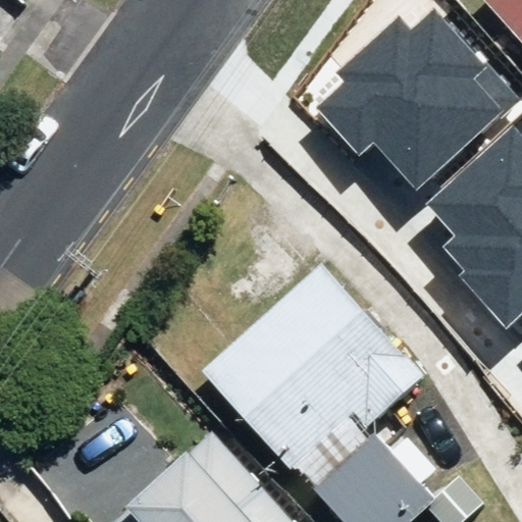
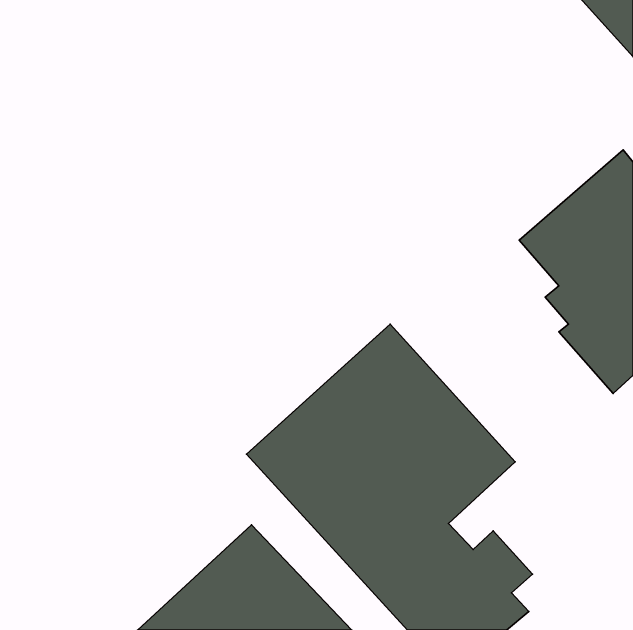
building: [319,7,516,186] -> none

